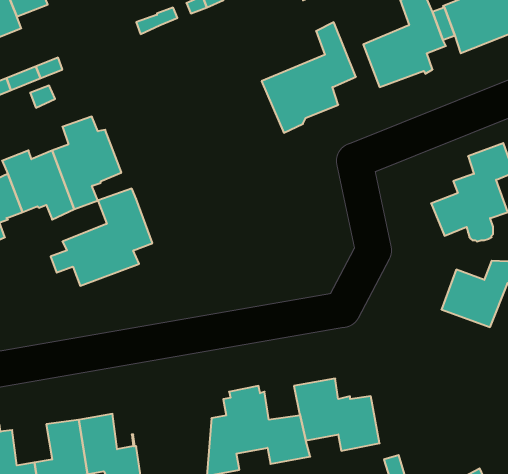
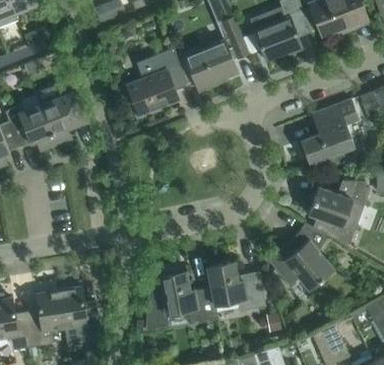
building: [51,189,152,286] -> [118,49,188,116]
building: none -> [267,223,334,291]

